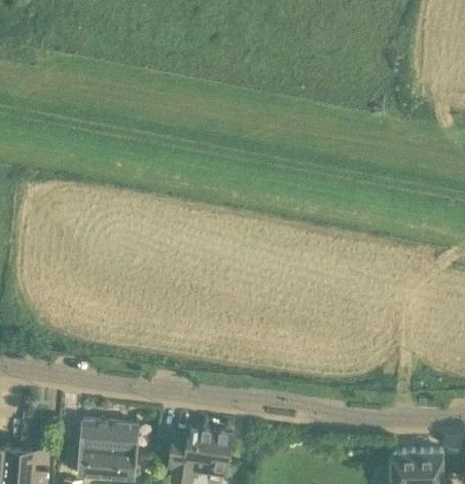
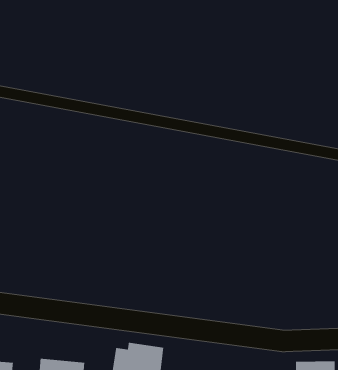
building: [79,420,138,452] -> none

